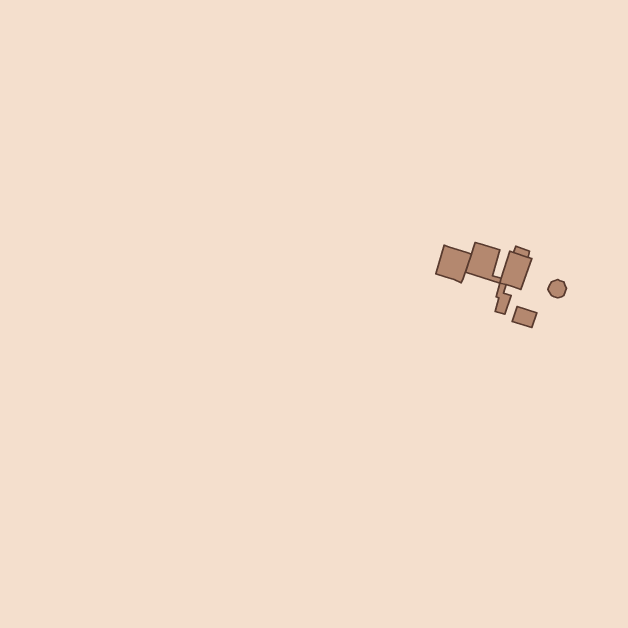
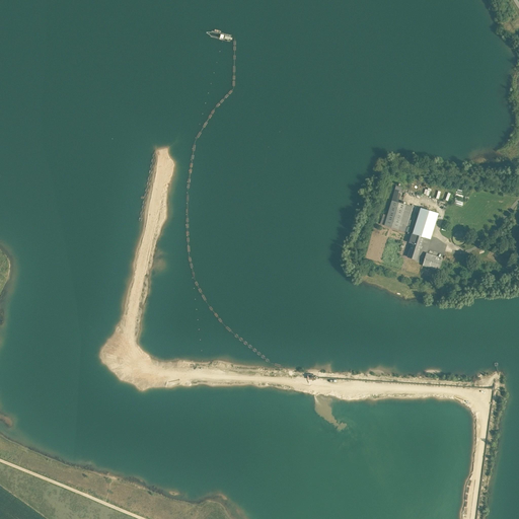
building: [436,245,471,283] -> none

